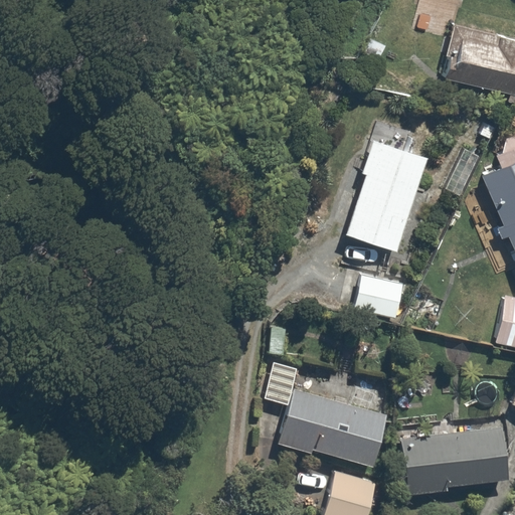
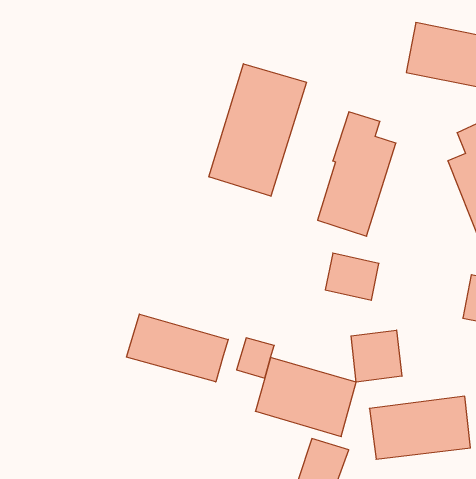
building: none -> [209,64,307,196]
building: none -> [127,314,228,382]
building: none -> [351,330,402,382]

